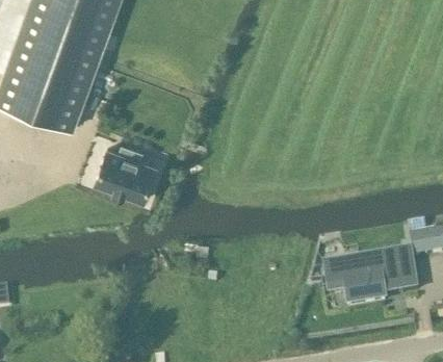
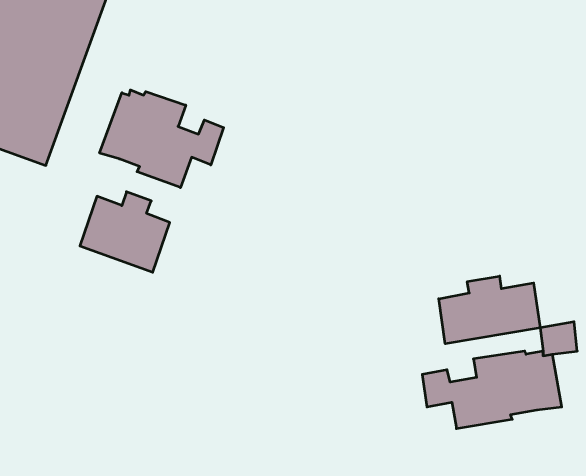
building: none -> [100,90,224,188]
building: none -> [439,276,540,344]

